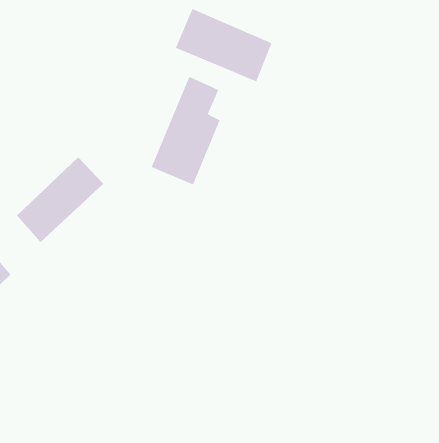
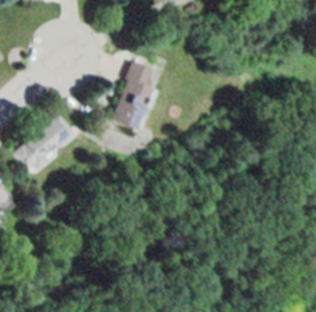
building: [175,8,272,82] -> none

